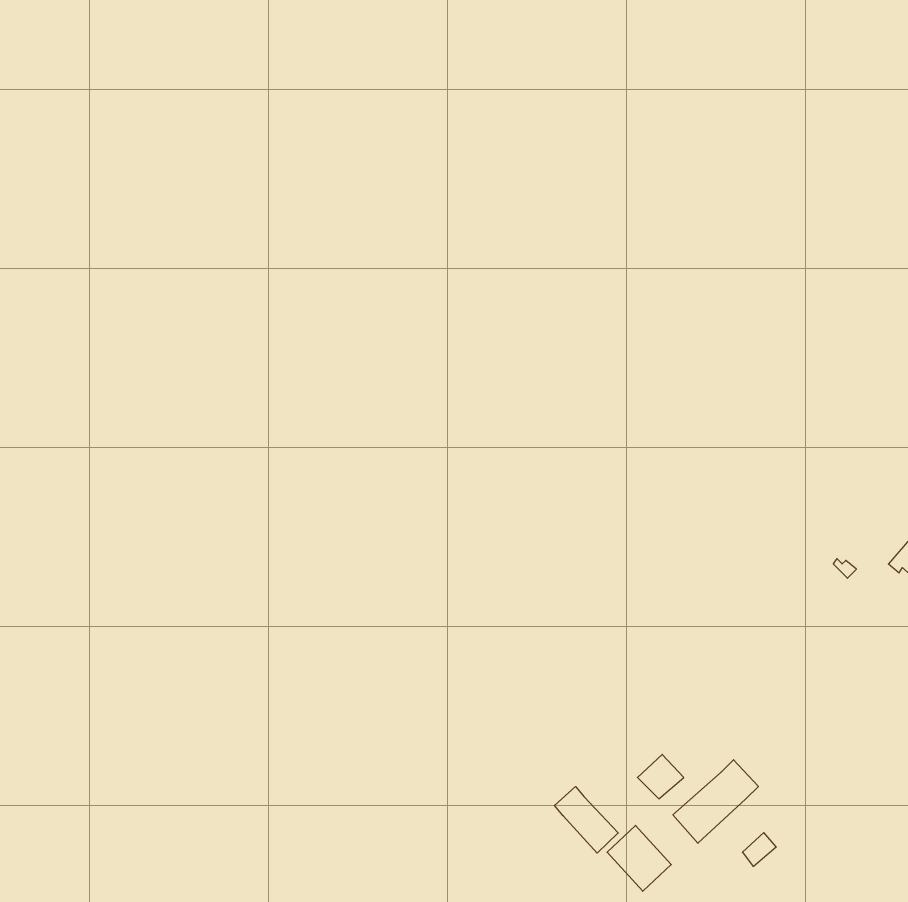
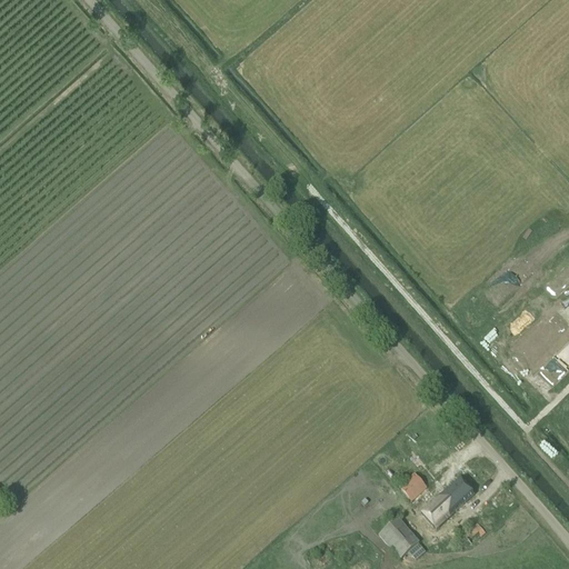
building: [554,787,618,853] -> none

